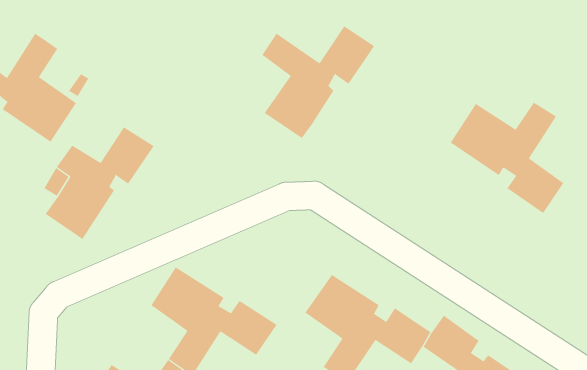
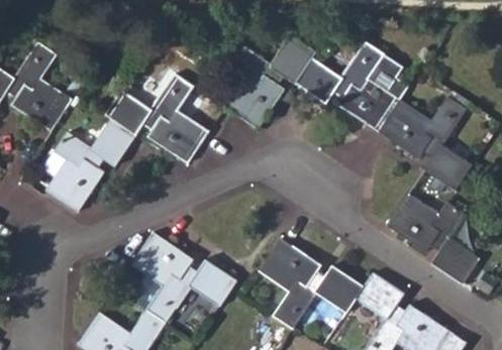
building: none -> [295,43,408,131]
building: none -> [105,75,209,163]
building: none -> [387,194,479,282]

